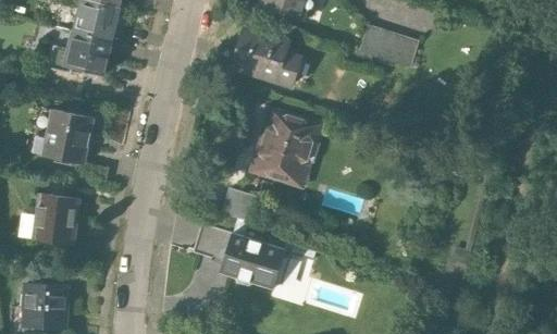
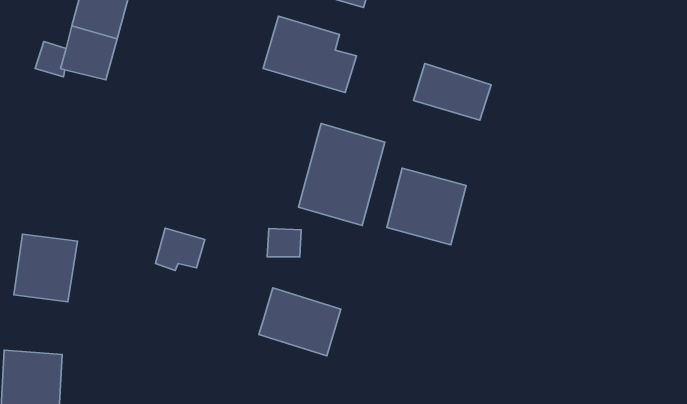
building: [357,25,417,69] -> [413,64,491,120]
building: [45,111,94,165] -> none
building: none -> [387,168,466,245]
building: [194,226,232,259] -> [155,228,205,271]

